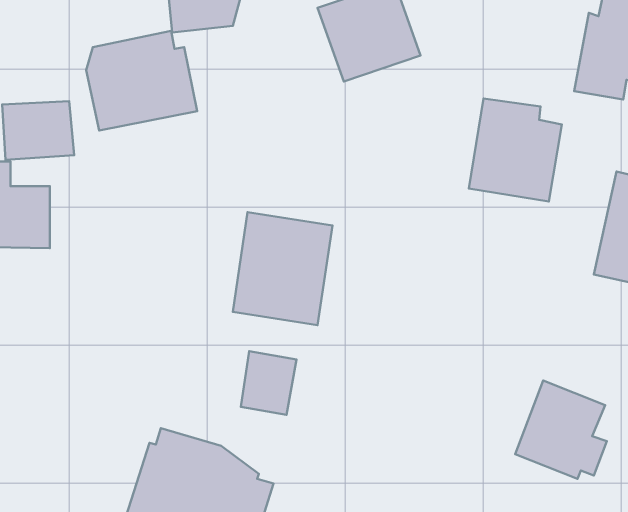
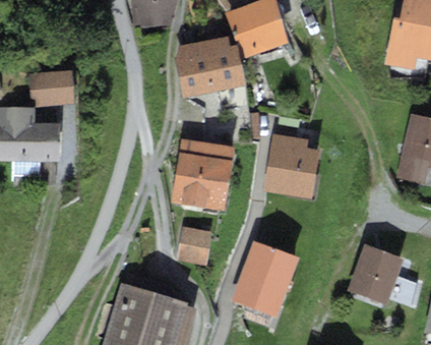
building: [86,31,197,131] -> [175,36,244,98]
building: [469,98,562,201] -> [263,134,321,198]
building: none -> [232,241,298,315]

